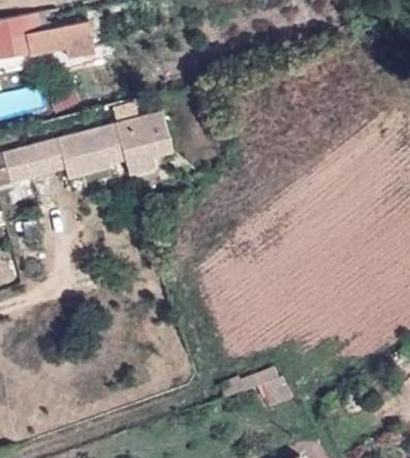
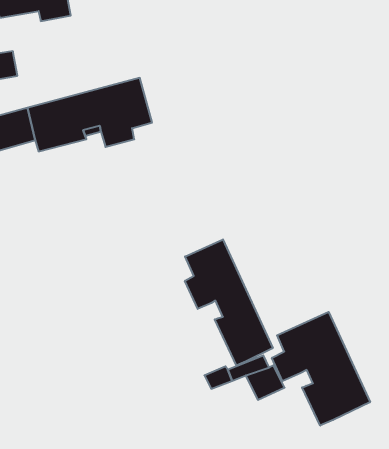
building: none -> [185,239,273,365]
building: none -> [272,312,370,426]

